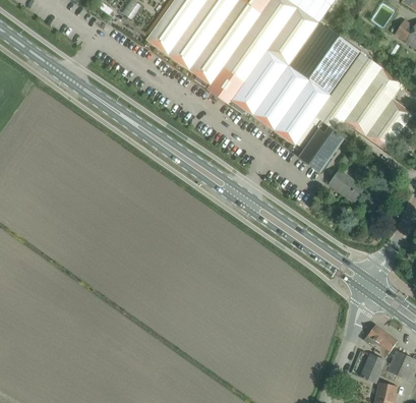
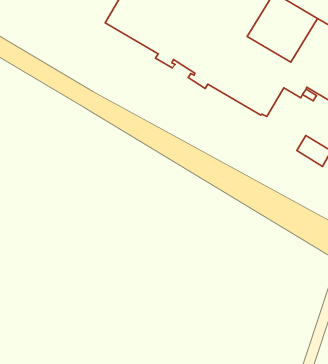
building: [301,119,343,167] -> none

